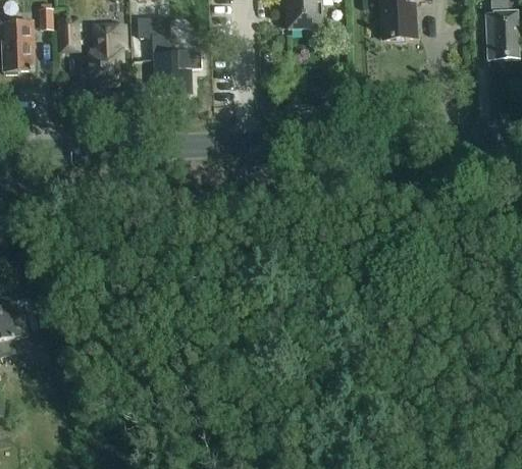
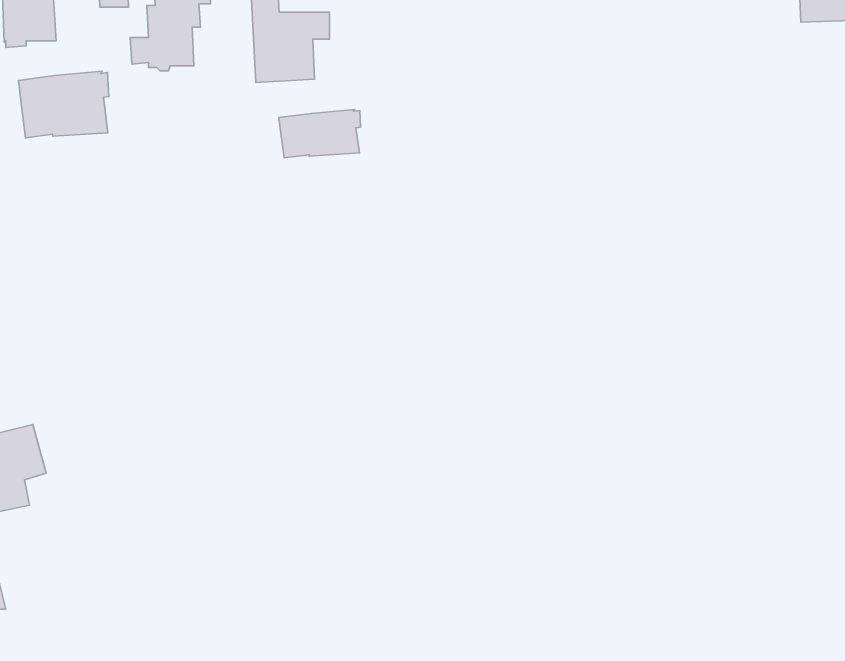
building: none -> [19,71,109,138]
building: none -> [279,110,361,158]

